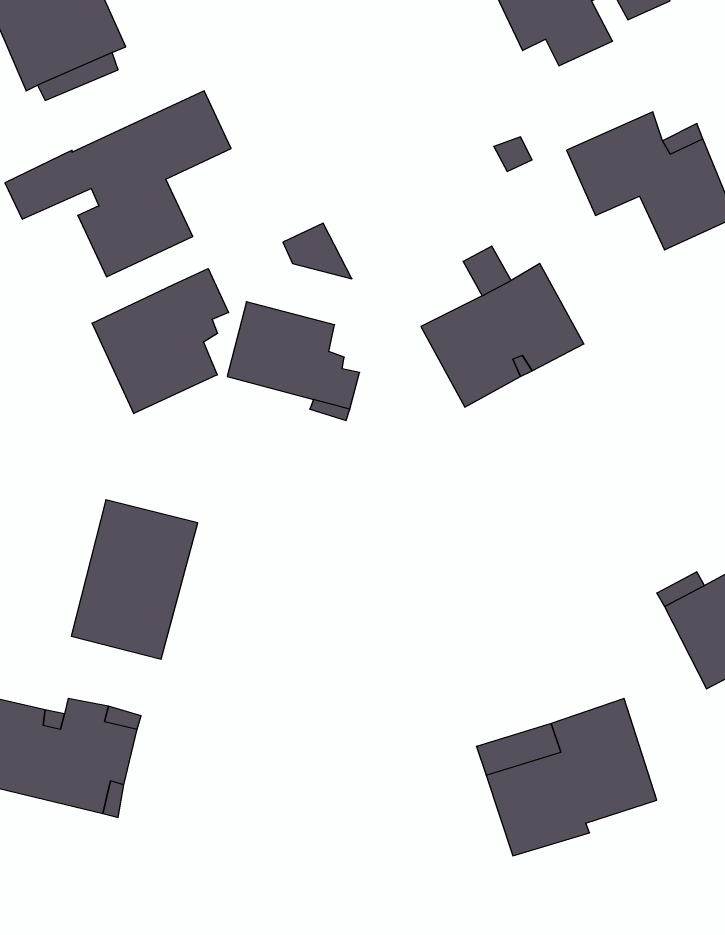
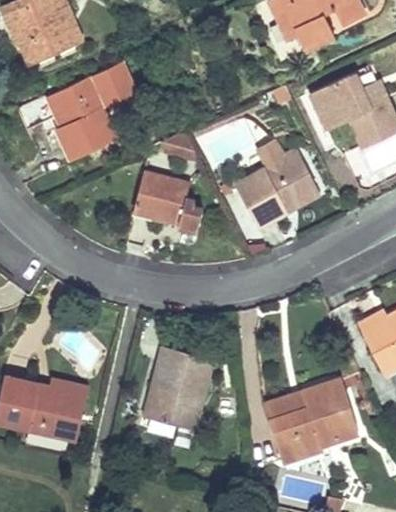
building: [92,269,229,414] -> none
building: [71,500,198,659] -> [146,347,212,430]

